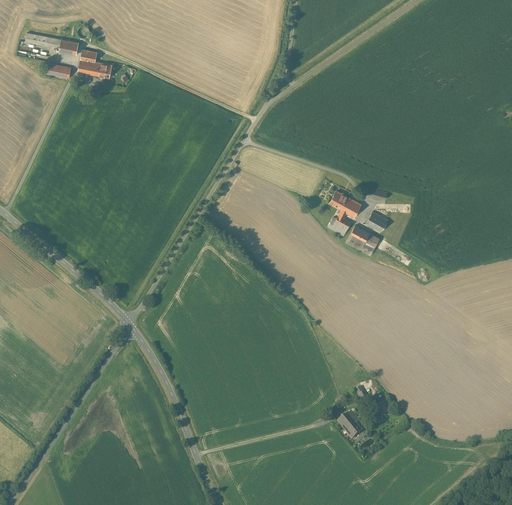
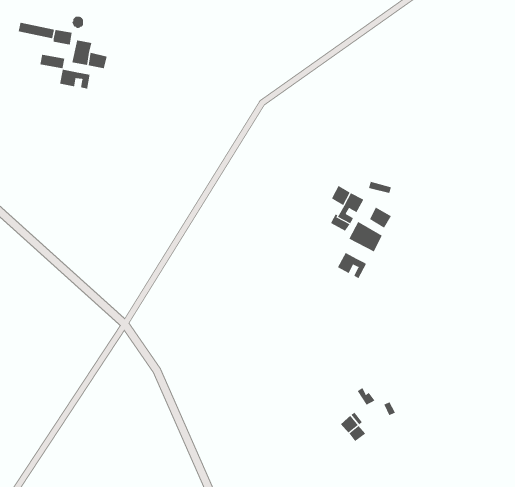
building: none -> [59,69,90,90]
building: none -> [337,252,367,279]

